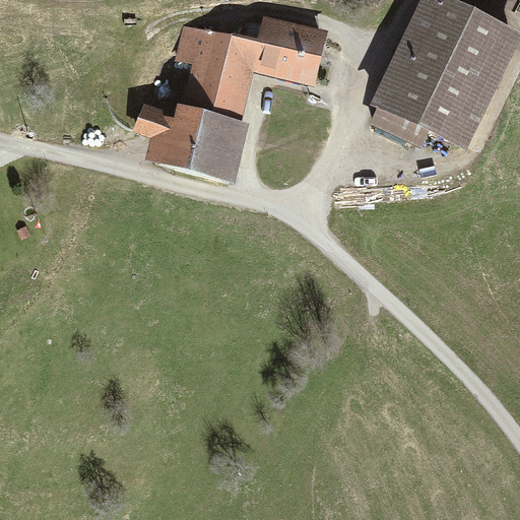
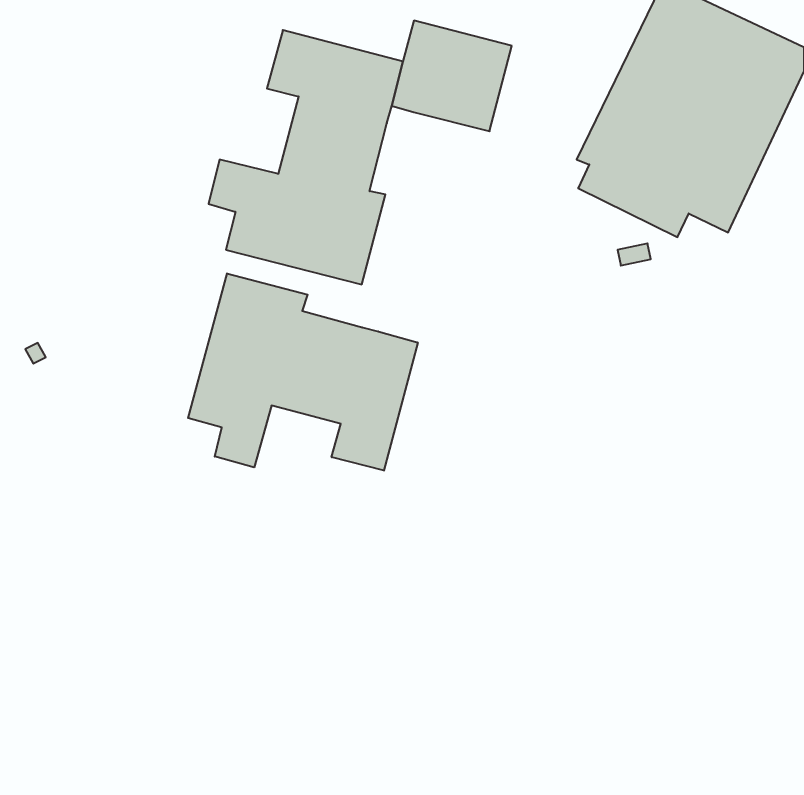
building: none -> [188,273,418,471]

